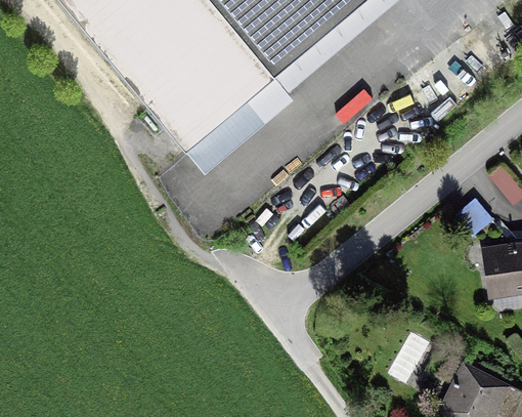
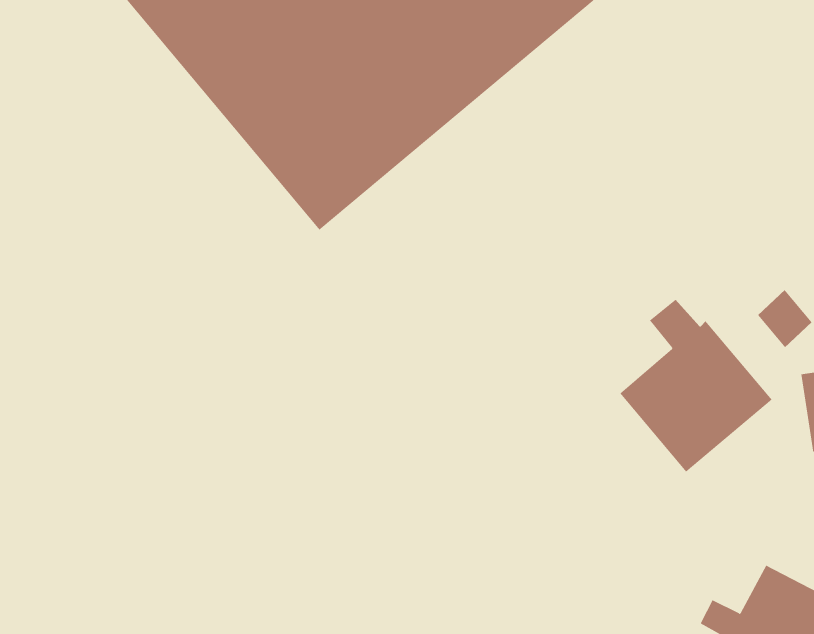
building: none -> [619,299,772,472]

